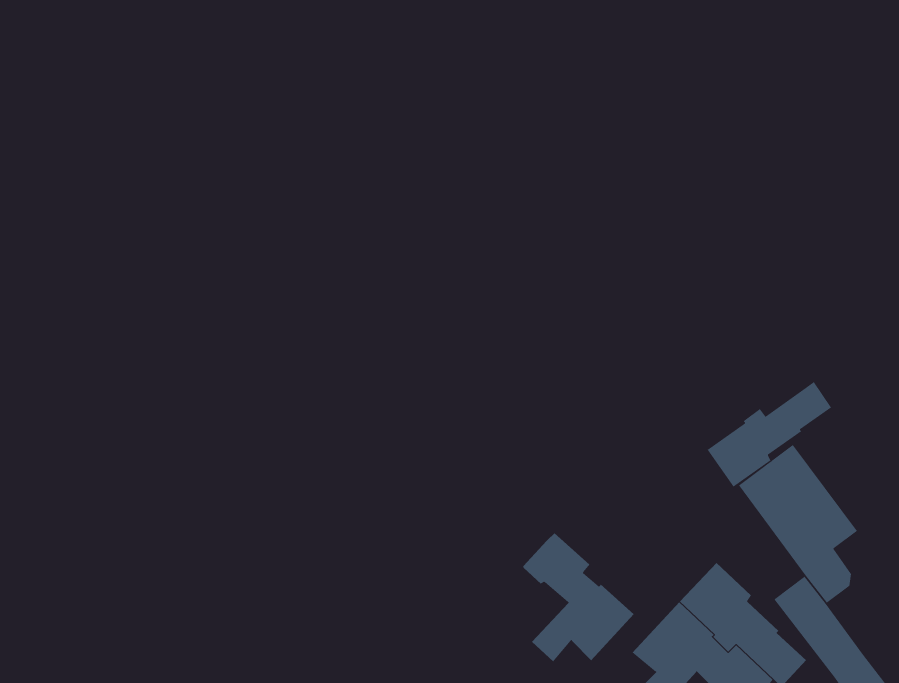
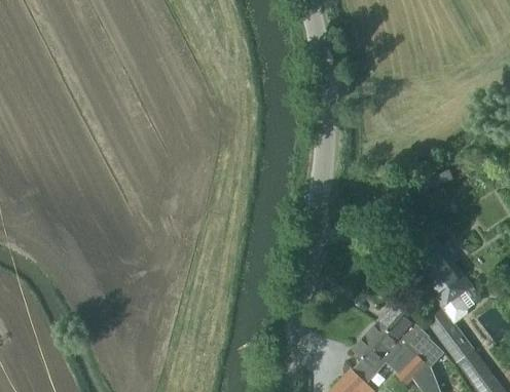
building: [707,381,832,487] -> none
building: [523,533,635,662] -> none

